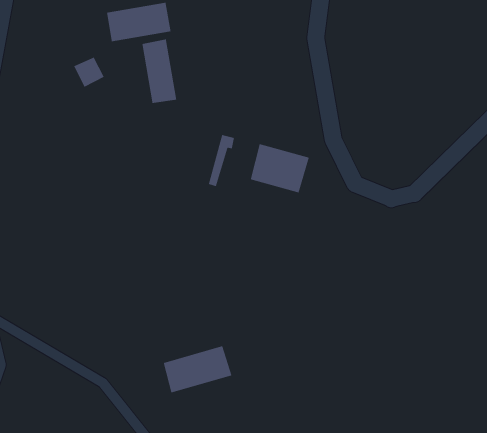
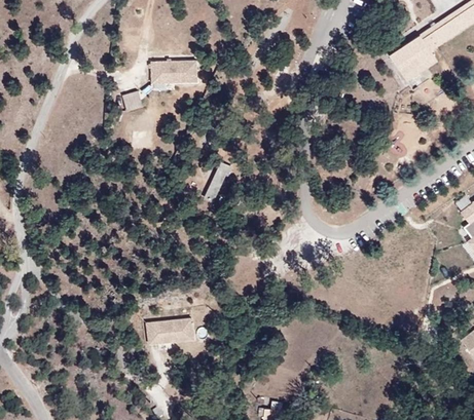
building: [142,39,177,104] -> none
building: [250,143,310,194] -> none

